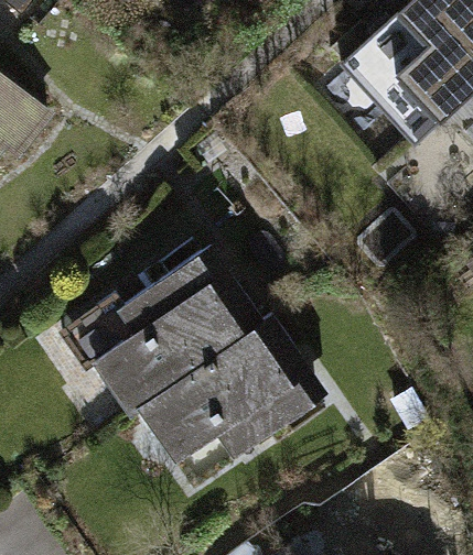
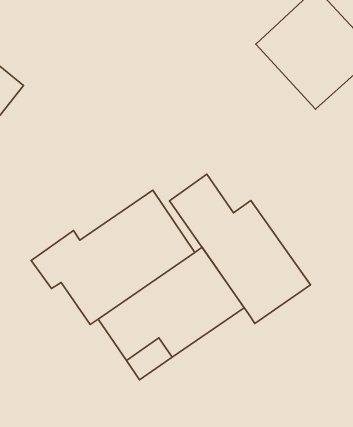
building: none -> [170,174,310,323]

